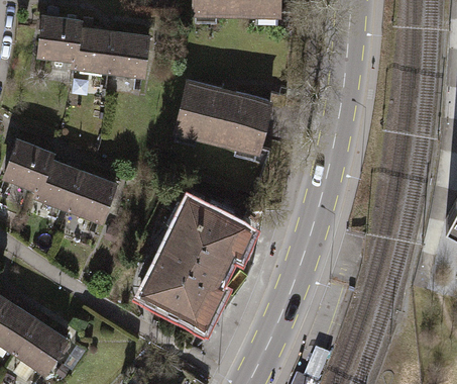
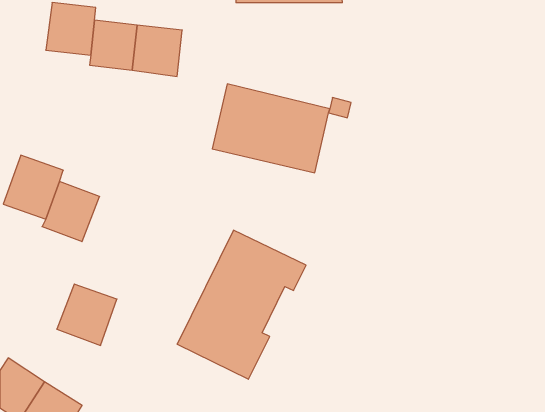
building: [69,173,117,222] -> [57,284,117,345]

